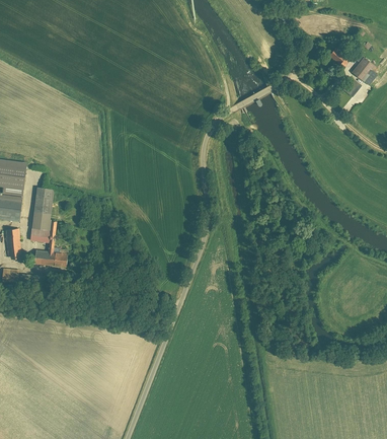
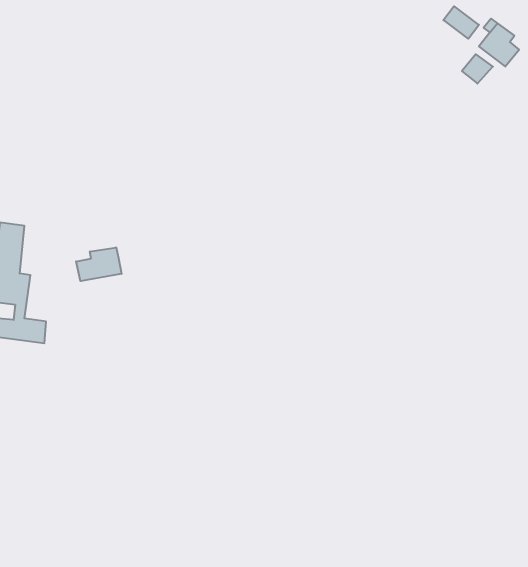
building: none -> [76,247,122,281]

